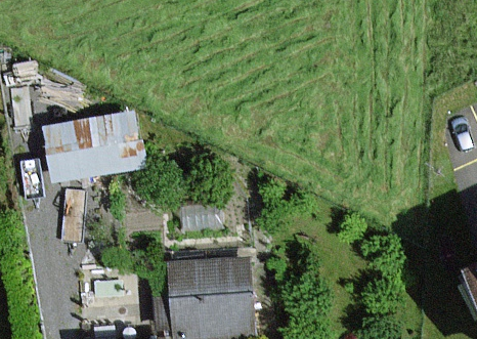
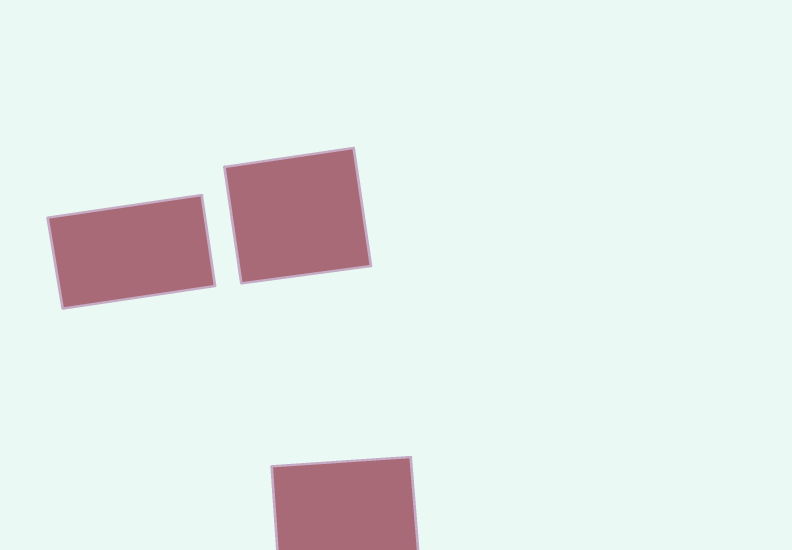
building: none -> [225,148,371,283]

